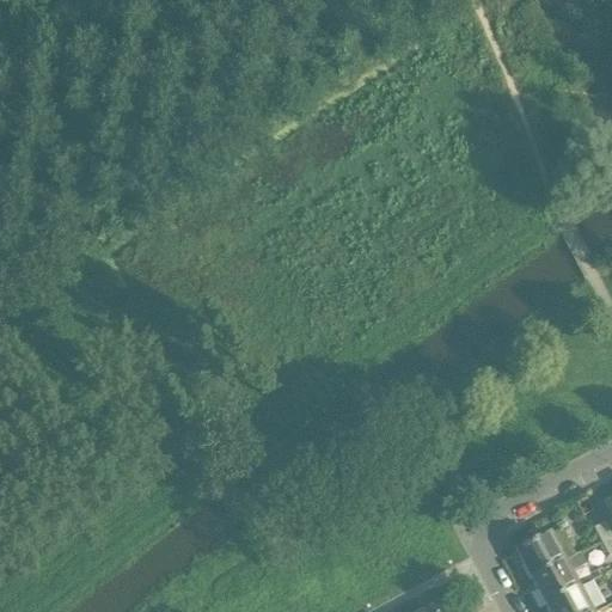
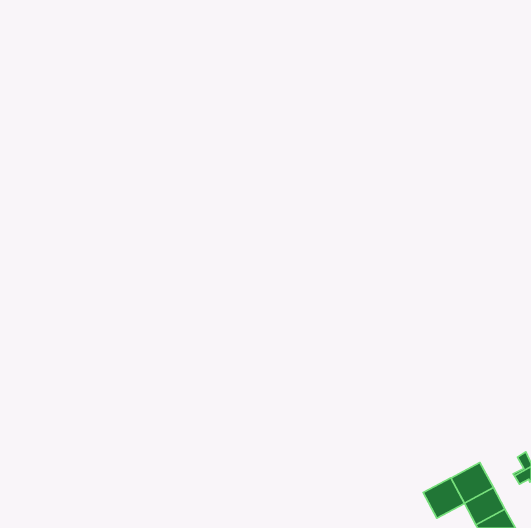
building: none -> [423,478,465,518]

